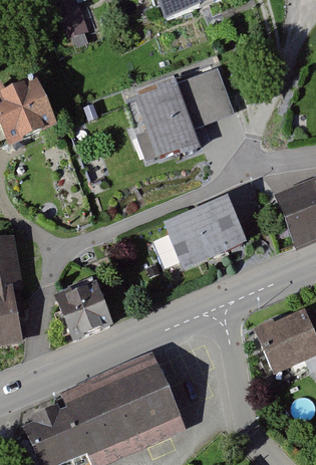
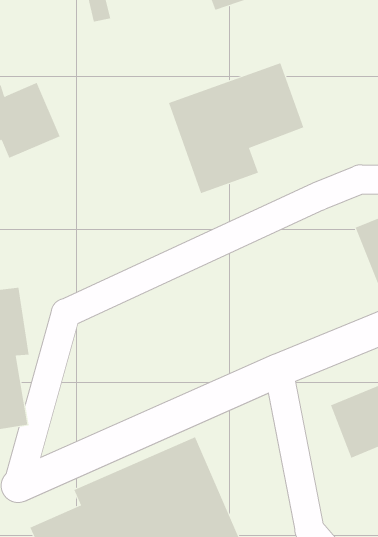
building: [164,201,246,270] -> none
building: [66,282,110,328] -> none

